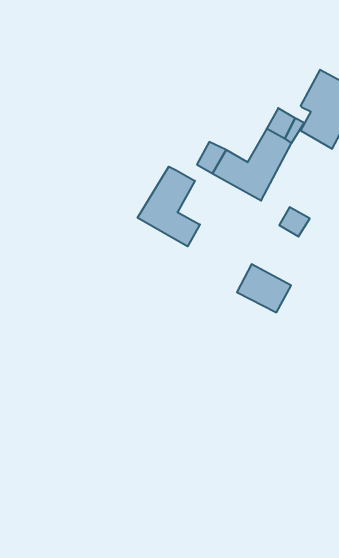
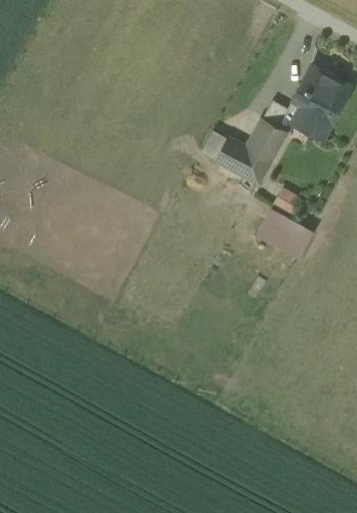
building: [138,167,200,246] -> none
building: [237,264,291,312] -> [259,210,307,253]

